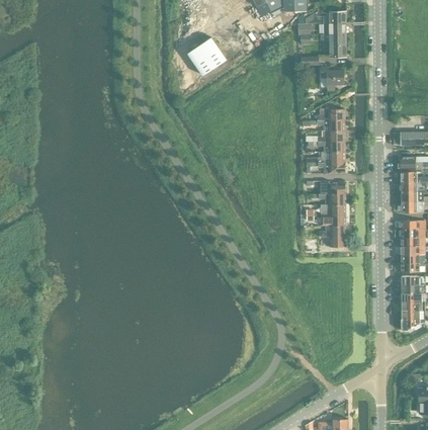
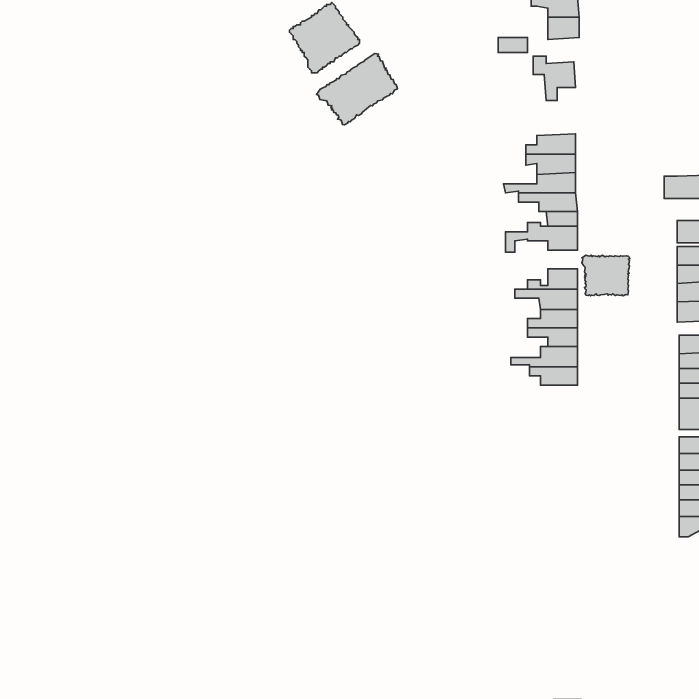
building: none -> [317,54,398,125]
building: none -> [582,255,630,296]

